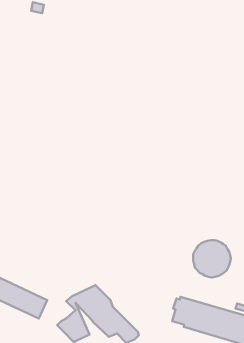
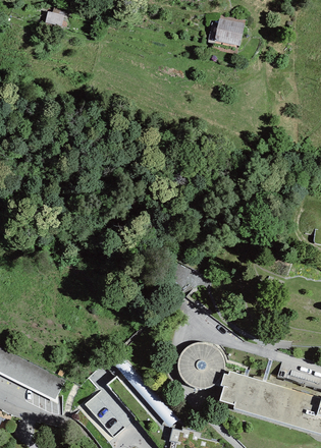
building: none -> [211,20,239,48]
building: [193,240,231,278] -> [178,343,224,389]

